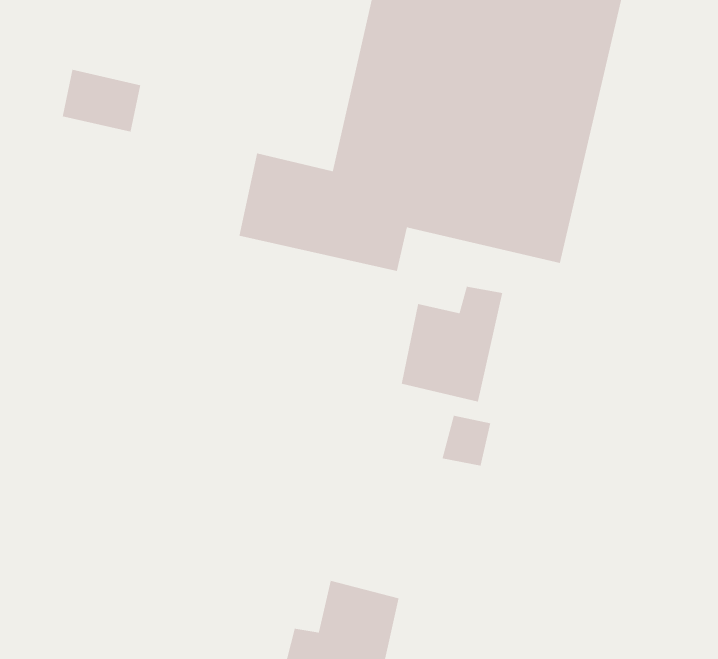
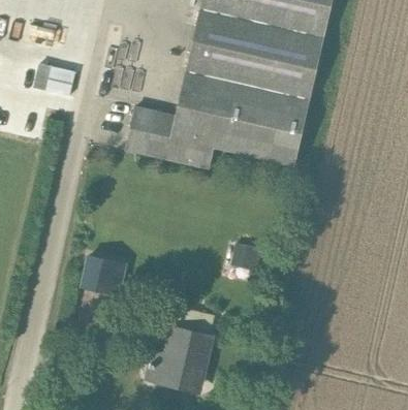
building: [401,286,503,402] -> none
building: none -> [83,256,126,294]

